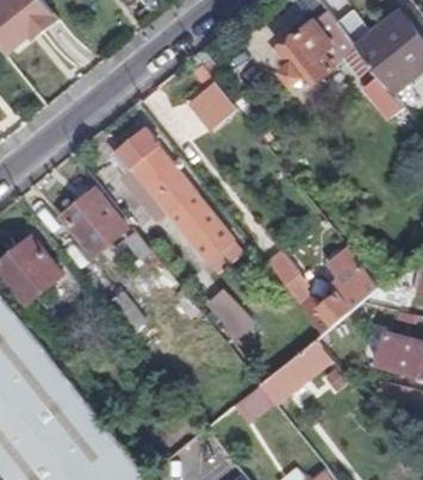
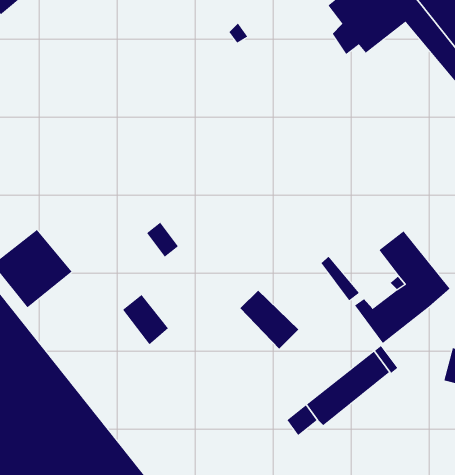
building: [188,80,235,126] -> none
building: [116,126,231,260] -> none
building: [61,191,124,255] -> none

